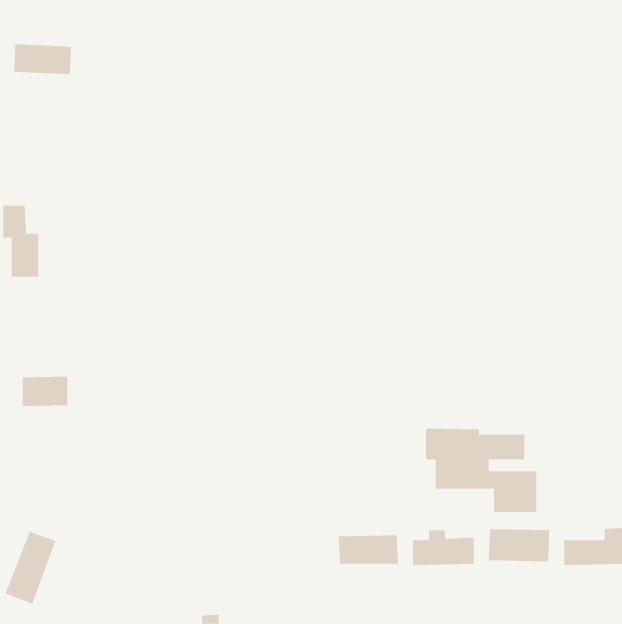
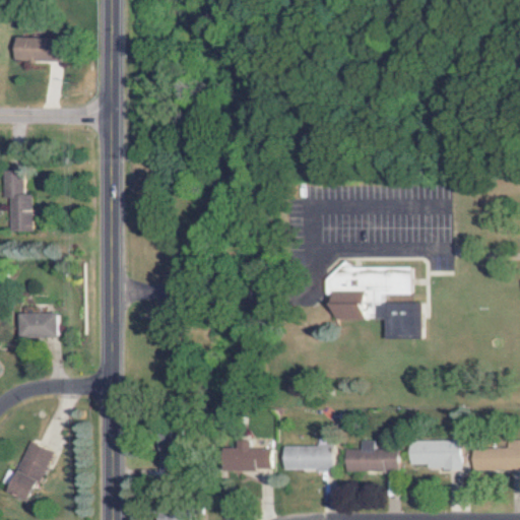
building: [425,428,537,512] -> [327,267,420,337]
building: none -> [225,440,270,470]

